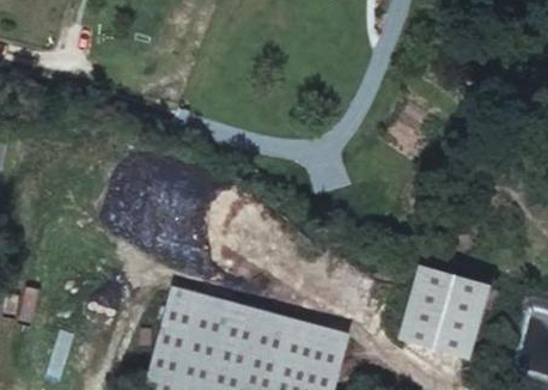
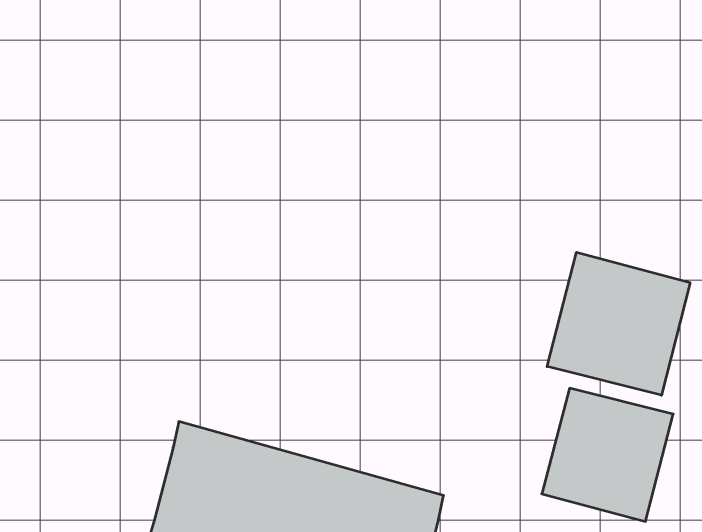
building: none -> [547,252,690,395]

